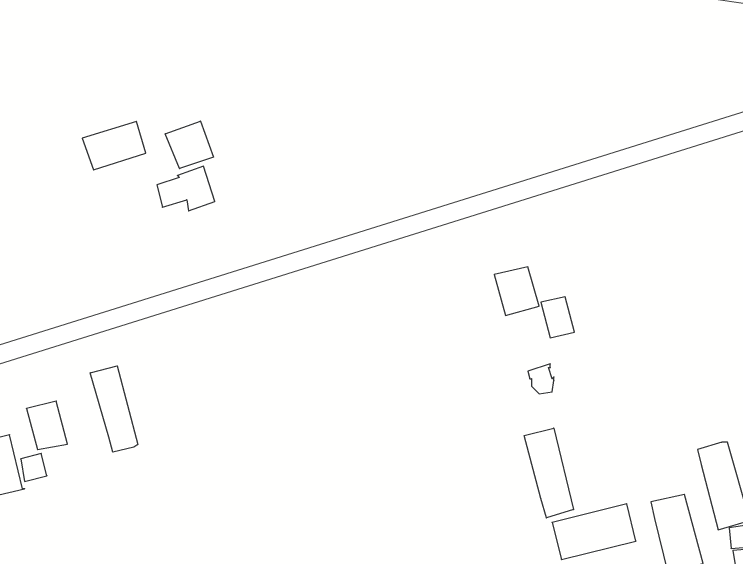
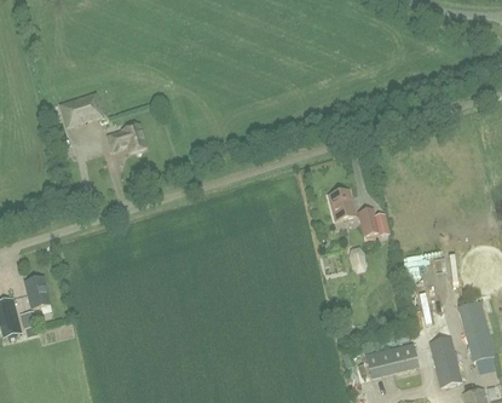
building: [165,121,214,169] -> none
building: [90,366,138,452] -> none
building: [524,428,574,518] -> none

